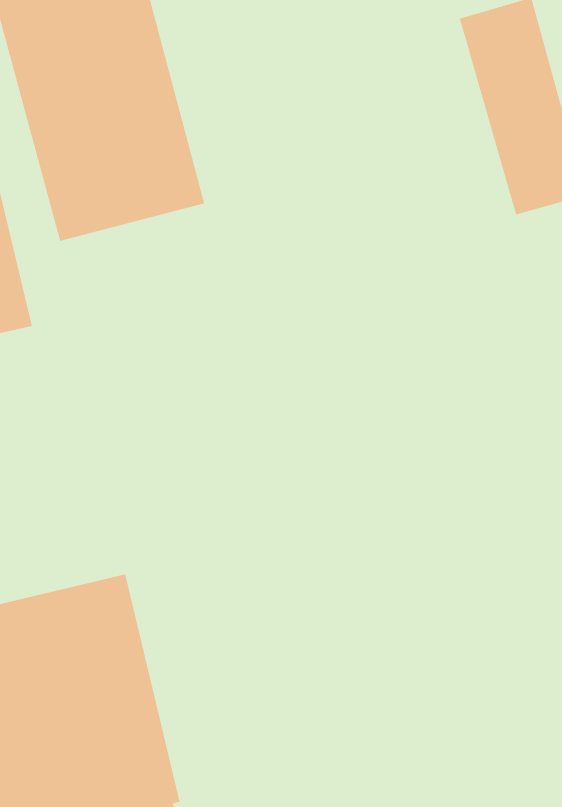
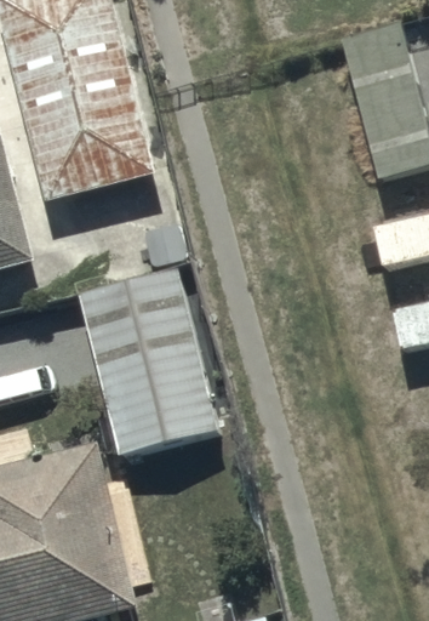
building: none -> [75,260,222,460]

